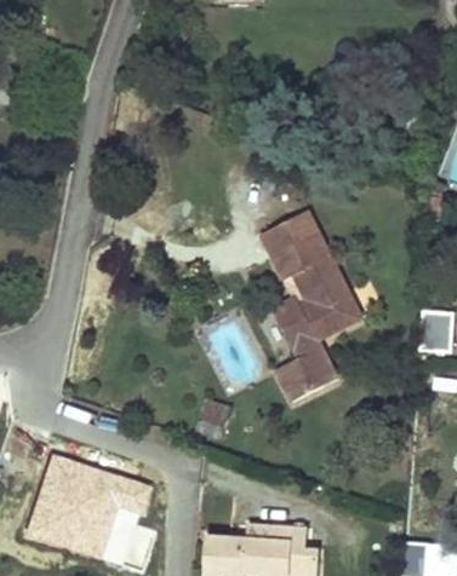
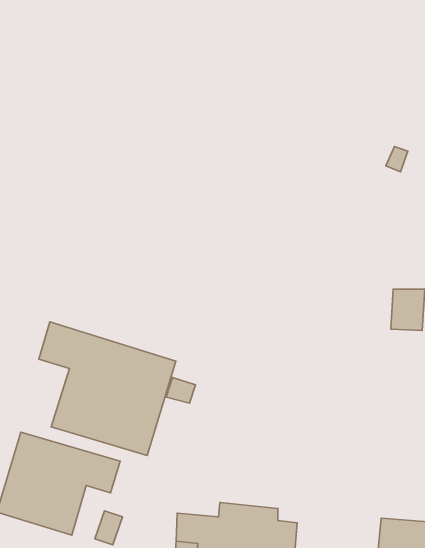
building: [259,213,359,404] -> none
building: none -> [39,322,176,455]

